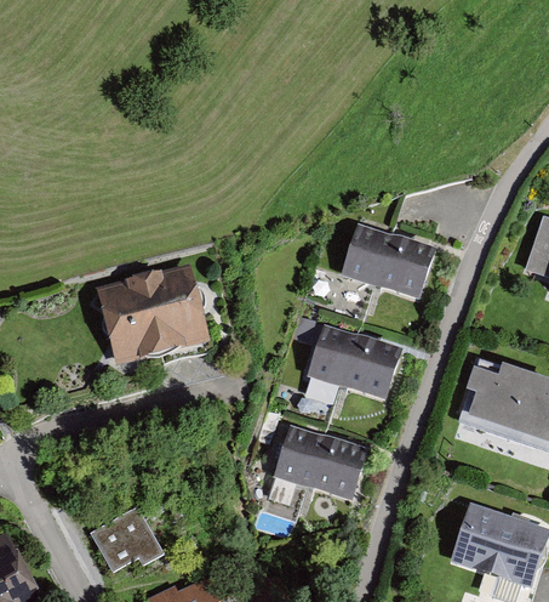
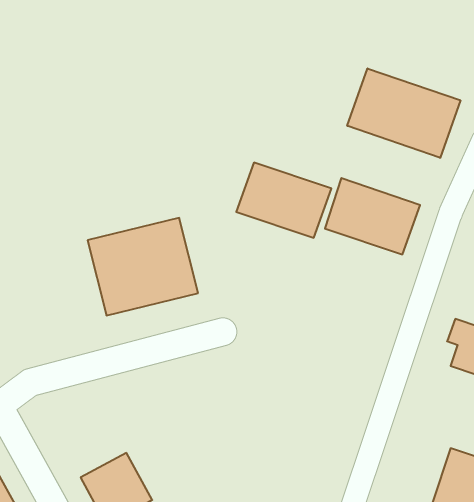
building: none -> [347,68,460,158]
building: [307,324,405,402] -> [236,163,331,238]
building: [273,425,371,504] -> none

